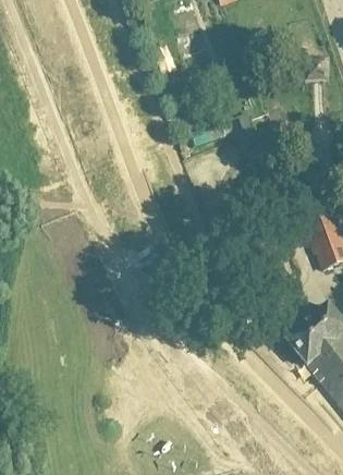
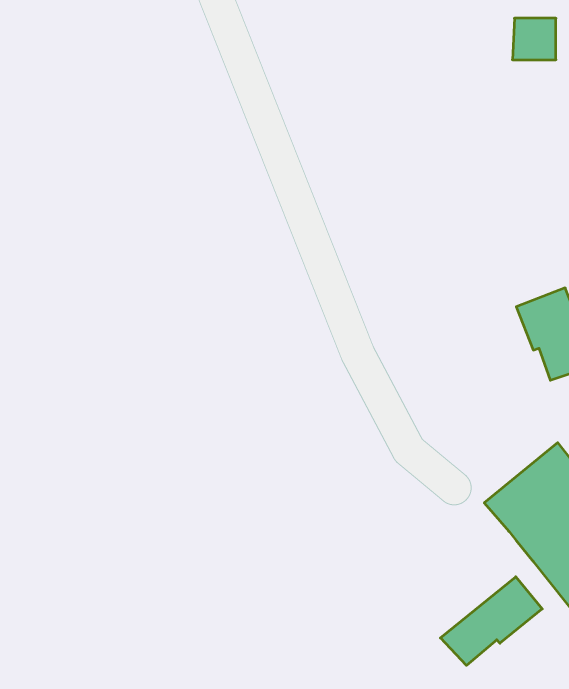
building: none -> [440,577,542,665]

